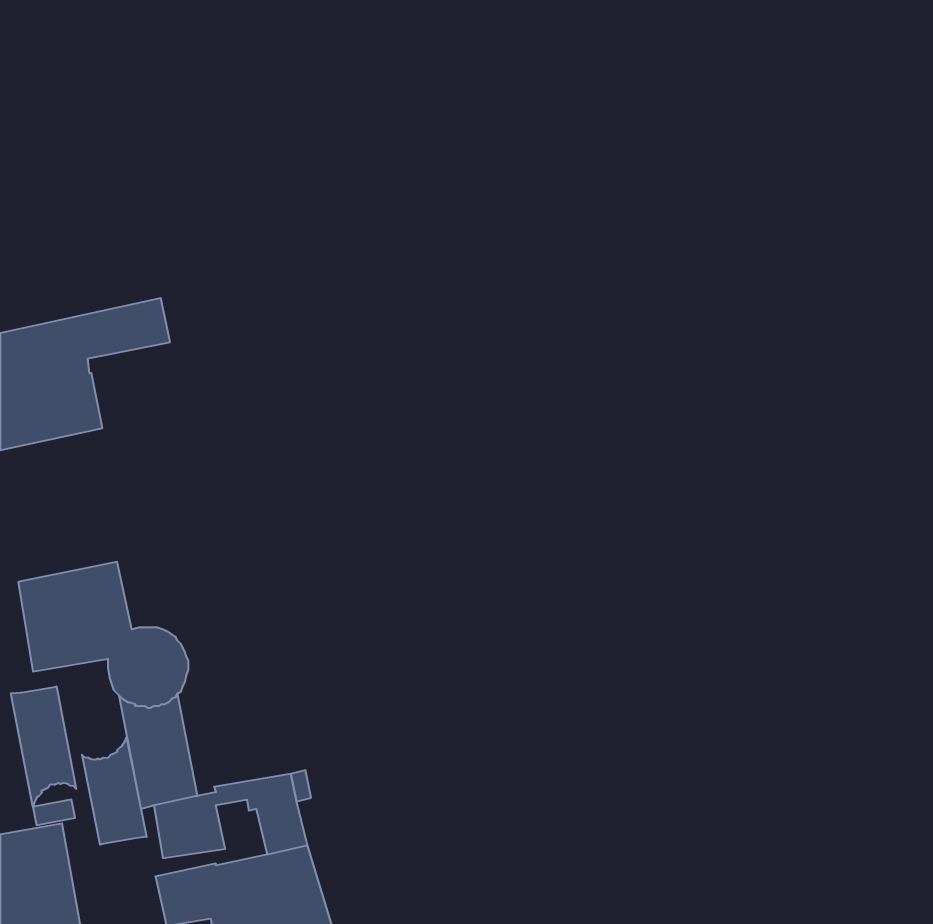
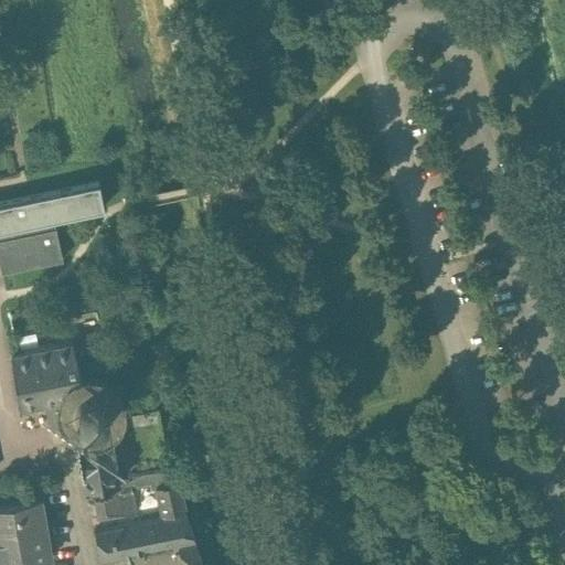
building: [11,686,76,807] -> none
building: [82,737,147,845] -> none

